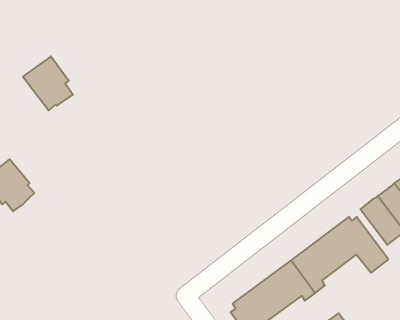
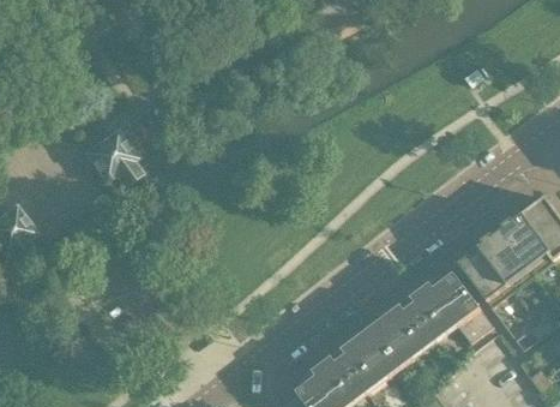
building: [23,56,73,110] -> [79,126,141,193]

